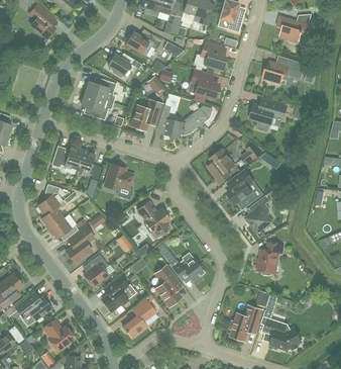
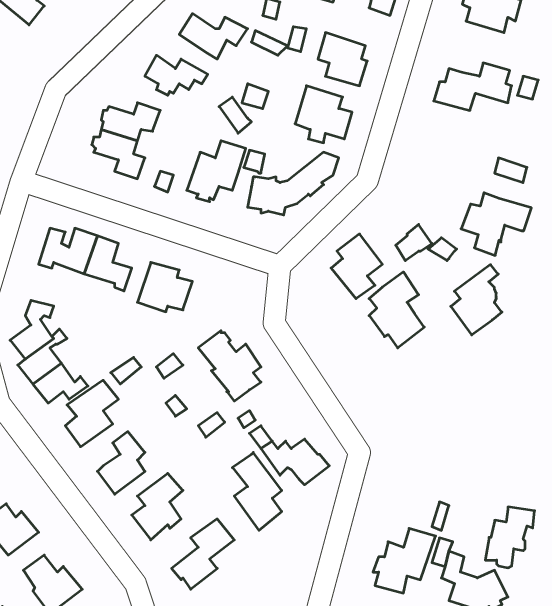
building: [249,97,287,130] -> [461,193,531,255]
building: [245,193,272,230] -> [451,265,502,335]
building: [256,241,282,273] -> [485,507,535,568]

